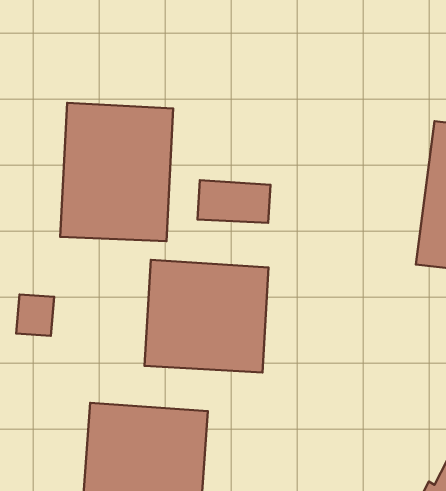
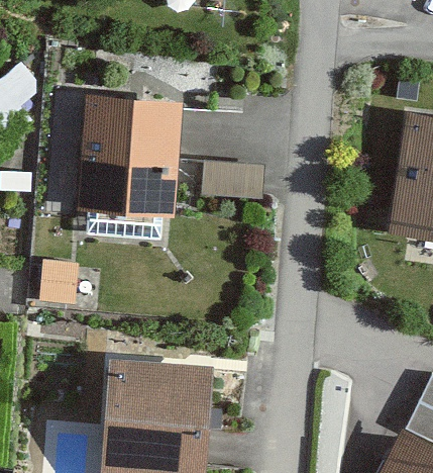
building: [145,260,269,373] -> none

